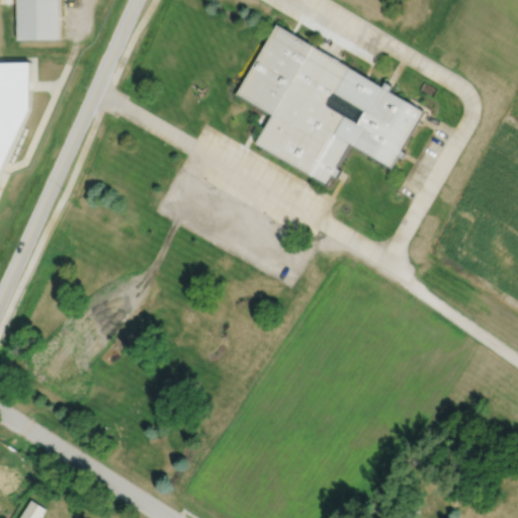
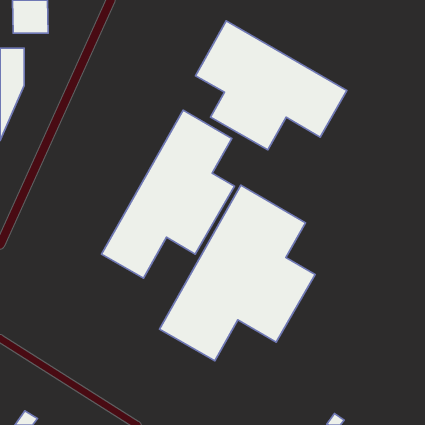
building: none -> [102,110,234,278]
building: none -> [160,185,315,361]

